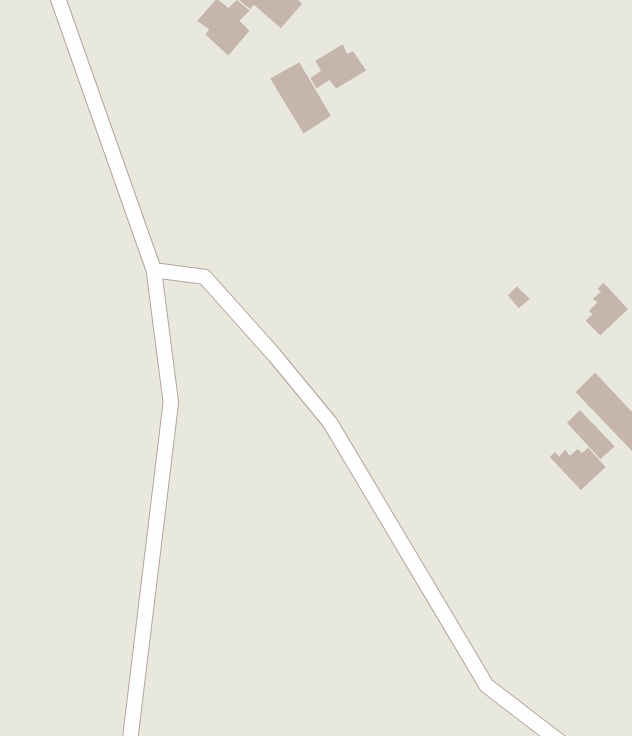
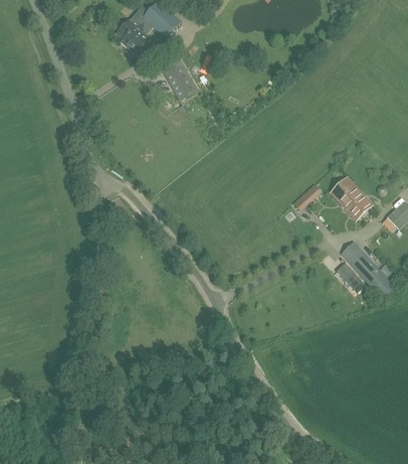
building: [309,43,367,90] -> none
building: none -> [330,175,358,209]
building: [549,447,606,491] -> none

